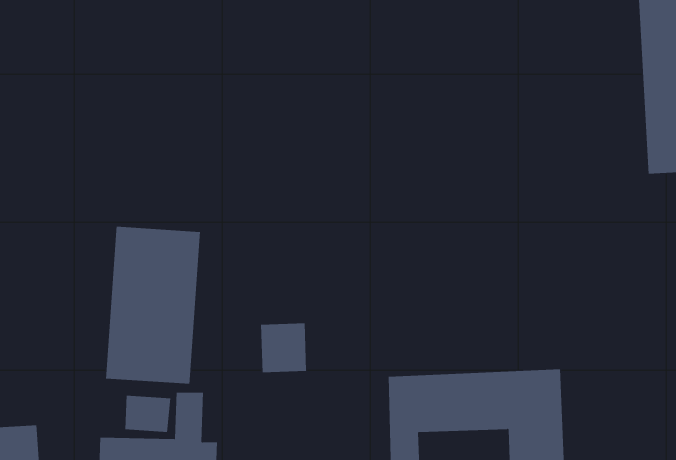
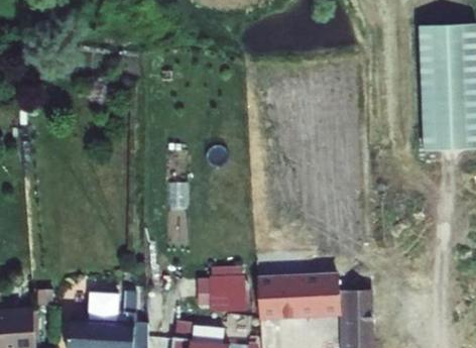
building: [106,226,201,385] -> none
building: [260,323,307,373] -> [212,276,242,309]

